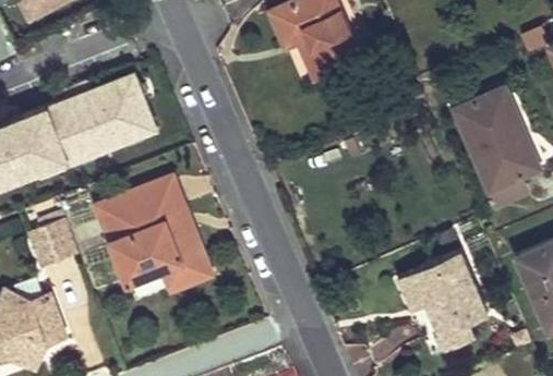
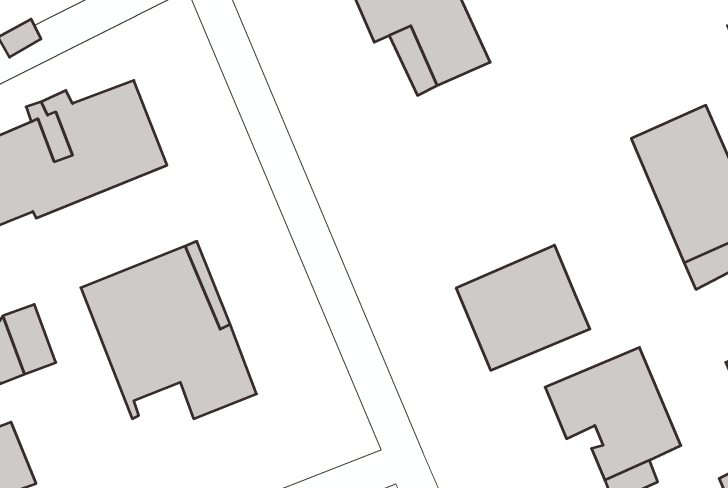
building: none -> [456,245,590,370]

